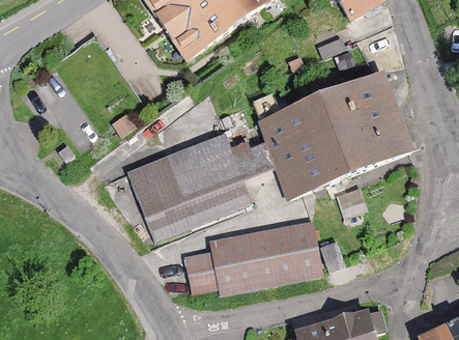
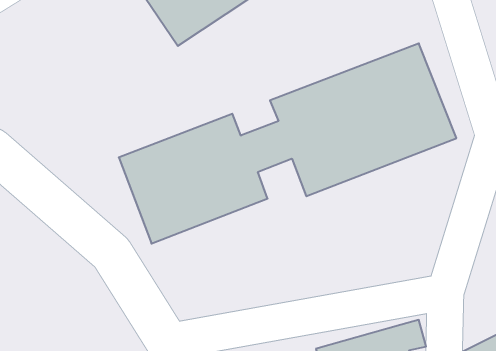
building: [184,220,324,291] -> none

